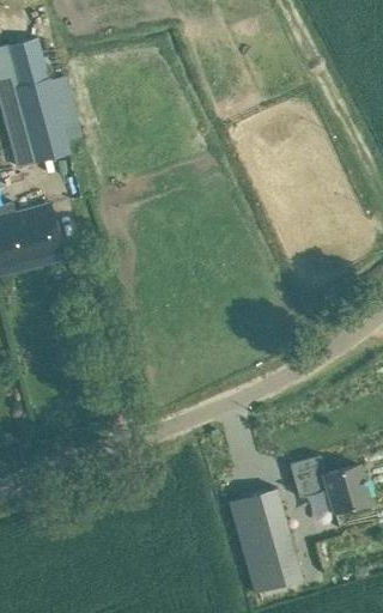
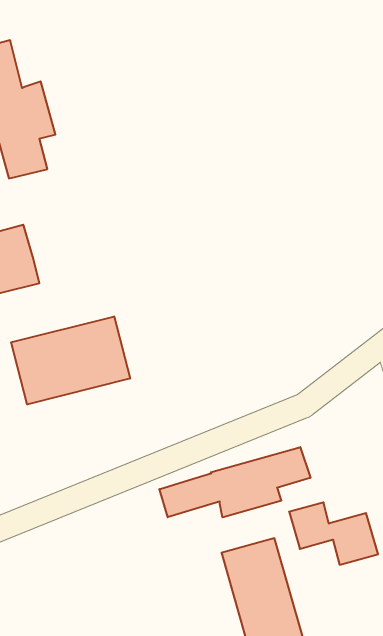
building: none -> [11,316,130,404]
building: none -> [159,447,310,517]

